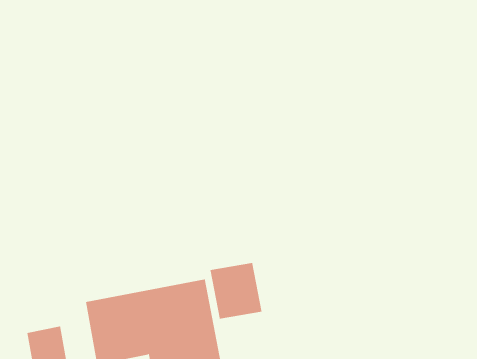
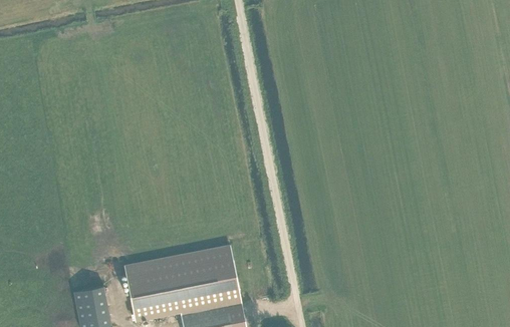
building: [210,262,262,320] -> none

